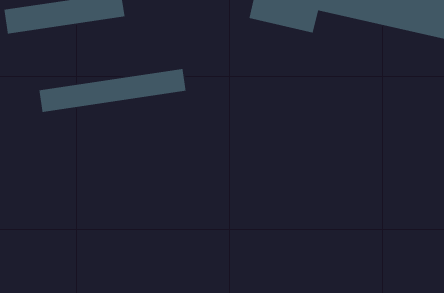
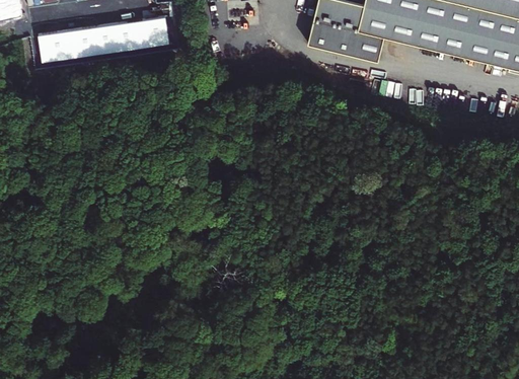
building: [38,68,187,113] -> none

